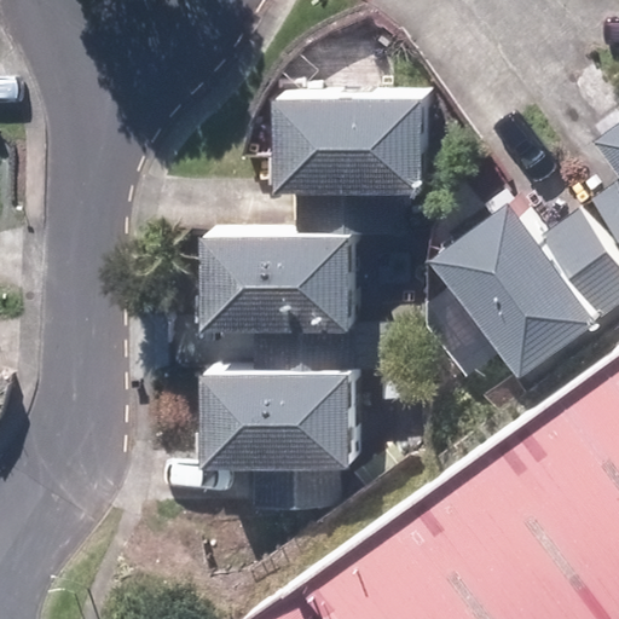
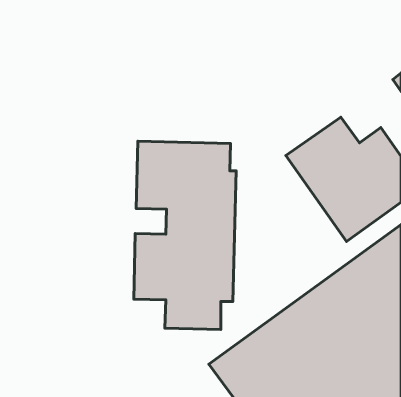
building: [270,96,427,196] -> none

